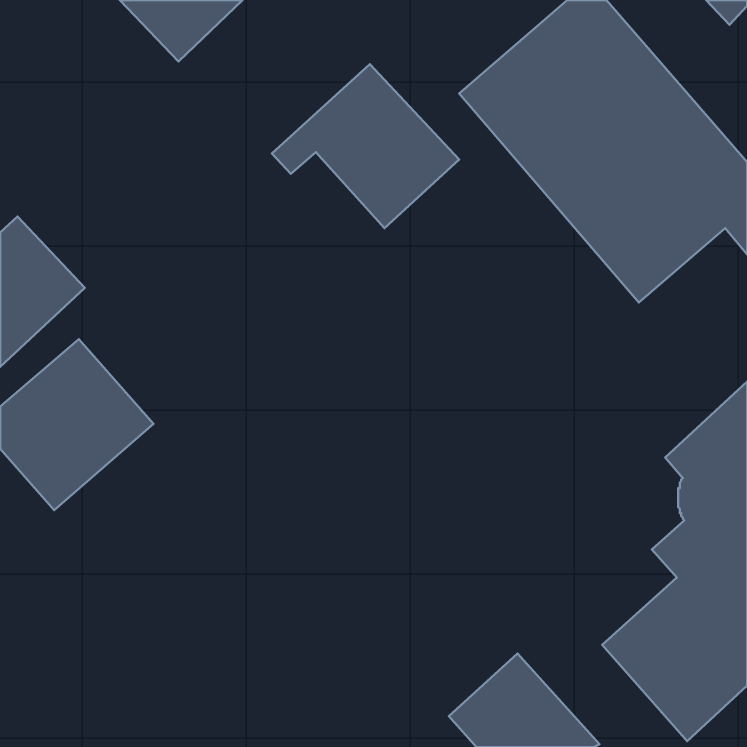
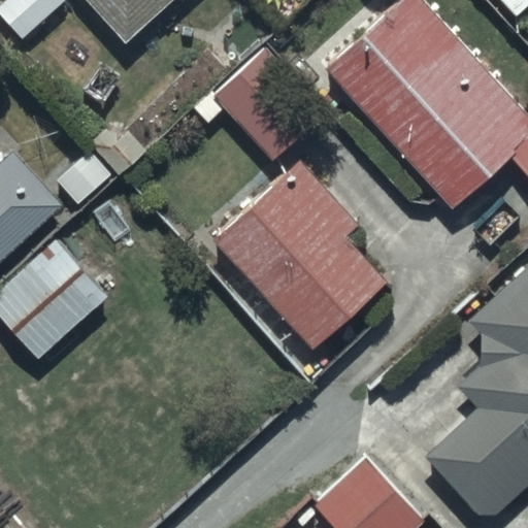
building: none -> [211,161,389,351]

